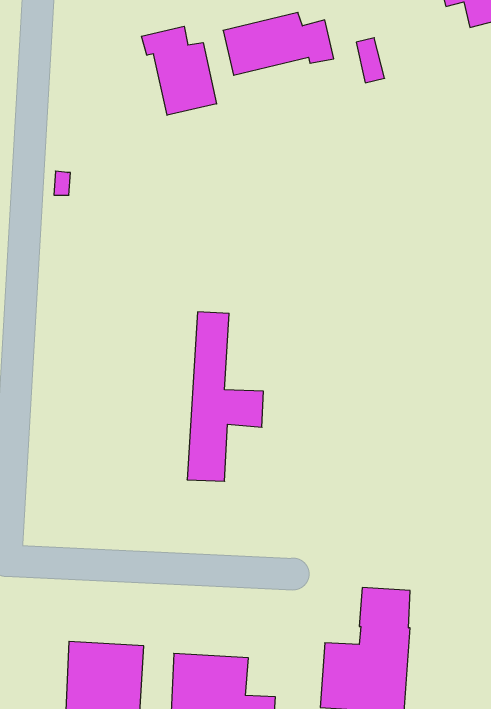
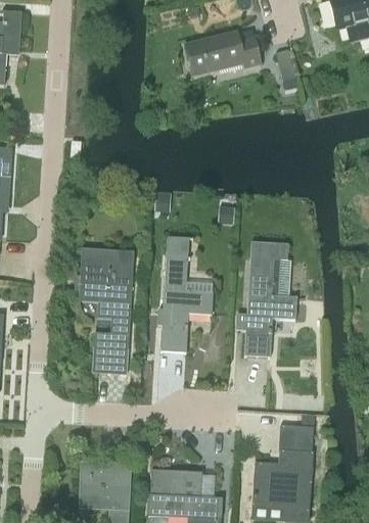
building: [141,26,217,115] -> none
building: none -> [244,241,296,356]
building: none -> [79,247,134,374]

